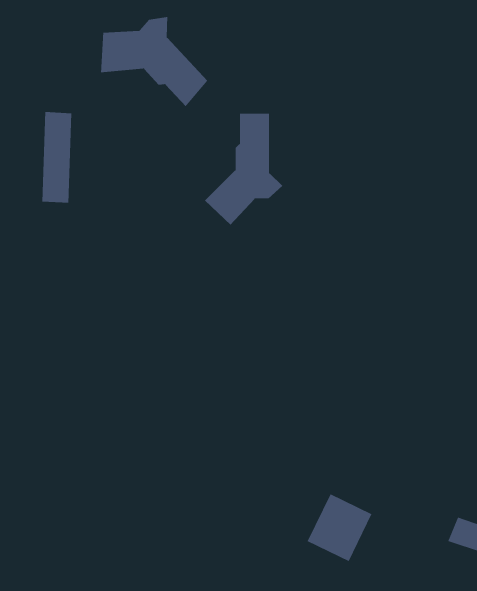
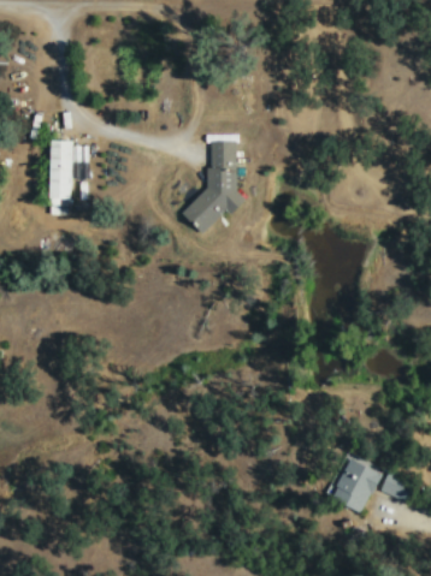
building: [100,16,208,107] -> none
building: [307,493,373,562] -> [329,455,383,511]

